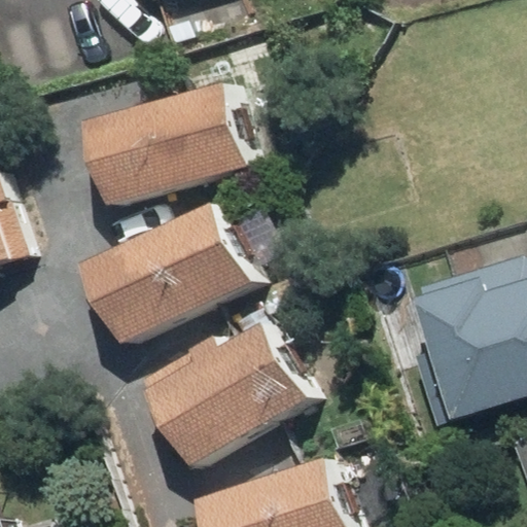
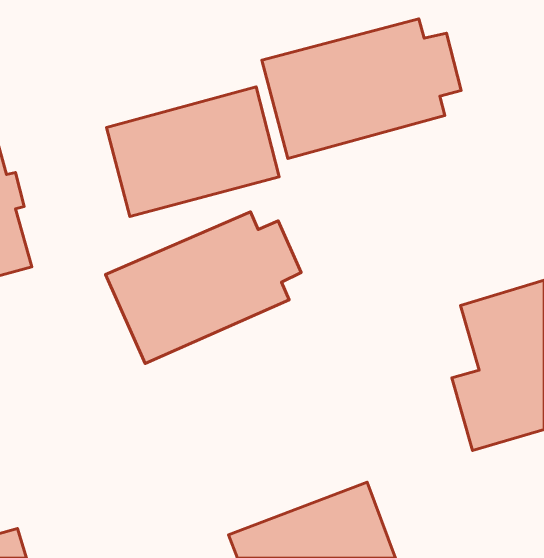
building: none -> [262,19,461,159]
building: [161,316,322,459] -> none

